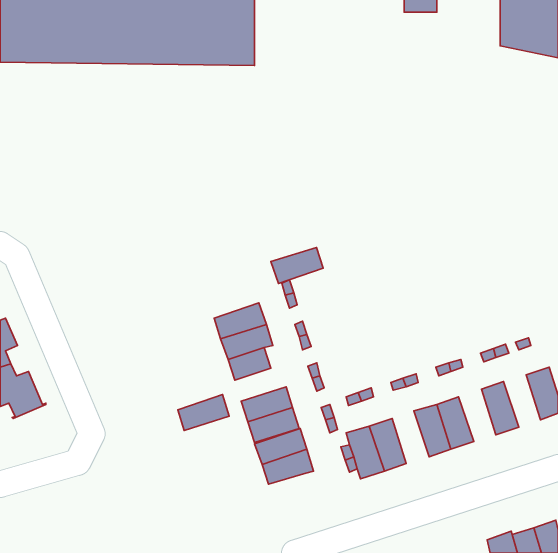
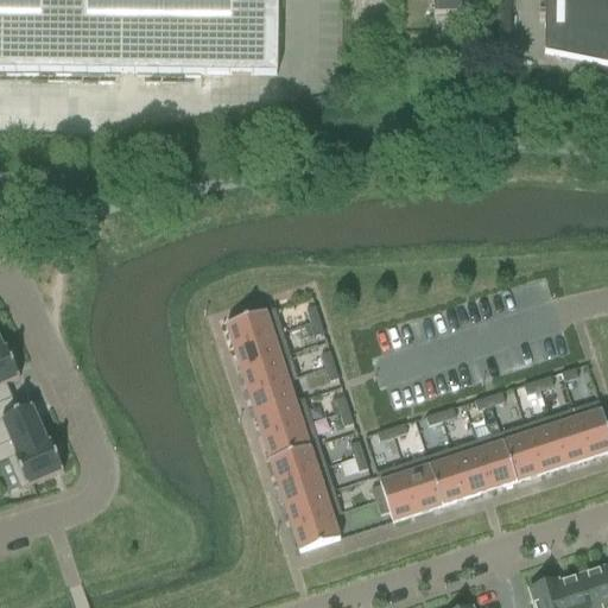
building: [271,247,323,284] -> [224,306,281,346]
building: none -> [547,407,588,464]
building: none -> [499,423,539,480]
building: [178,394,229,430] -> [255,397,311,436]
building: none -> [7,439,63,487]
building: none -> [426,446,467,504]
building: none -> [292,514,340,550]

